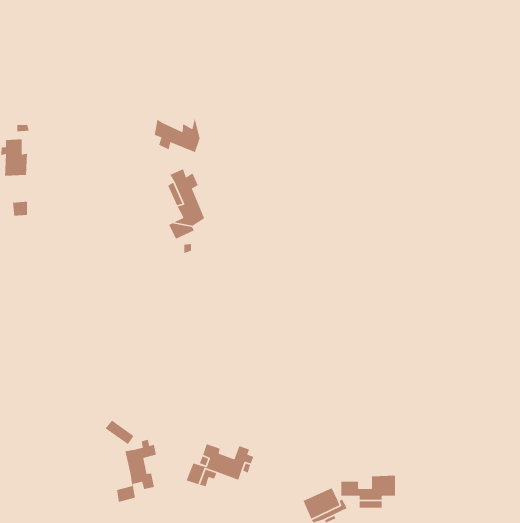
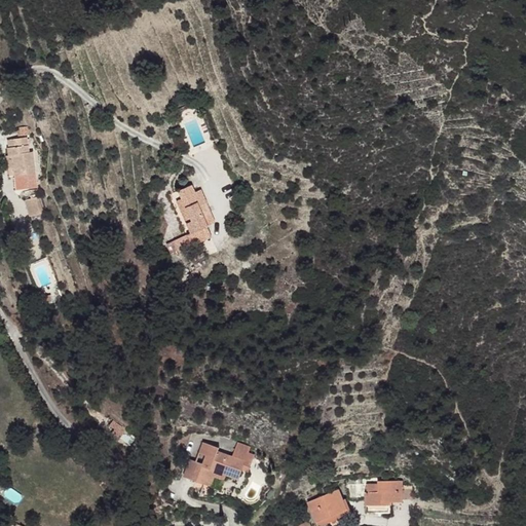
building: [154,116,200,153] -> none
building: [116,439,157,503] -> none

